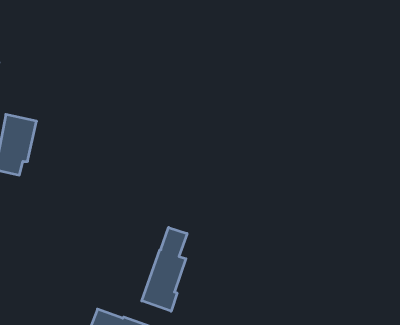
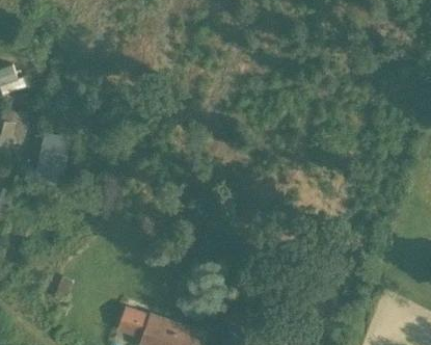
building: [142,227,187,311] -> none

